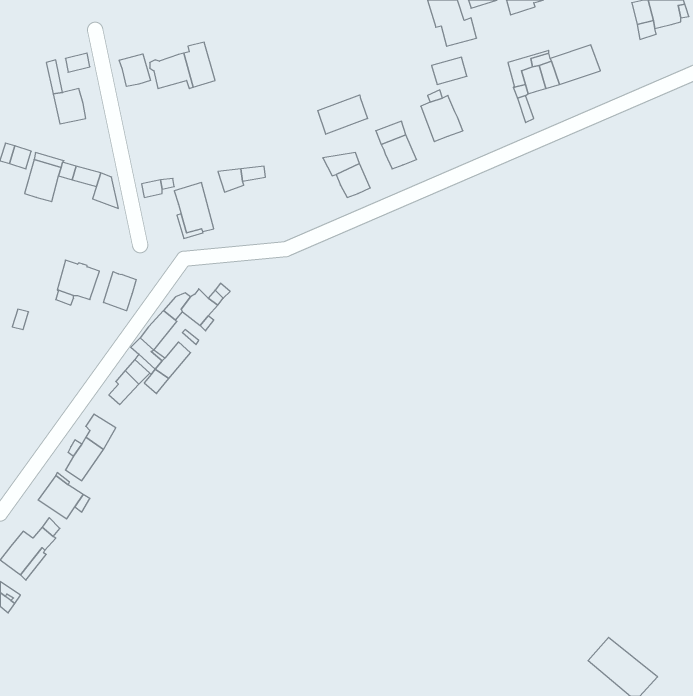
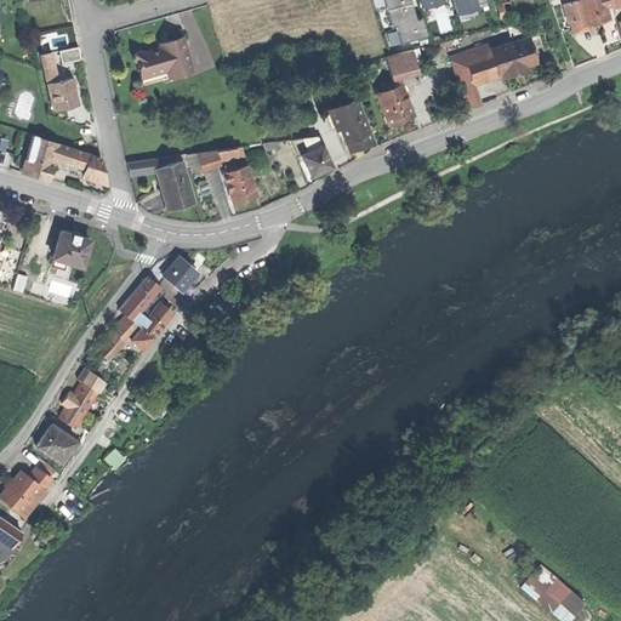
building: [119,54,150,86] -> none
building: [318,95,368,134] -> none
building: none -> [224,167,257,204]
building: [104,272,136,311] -> none

